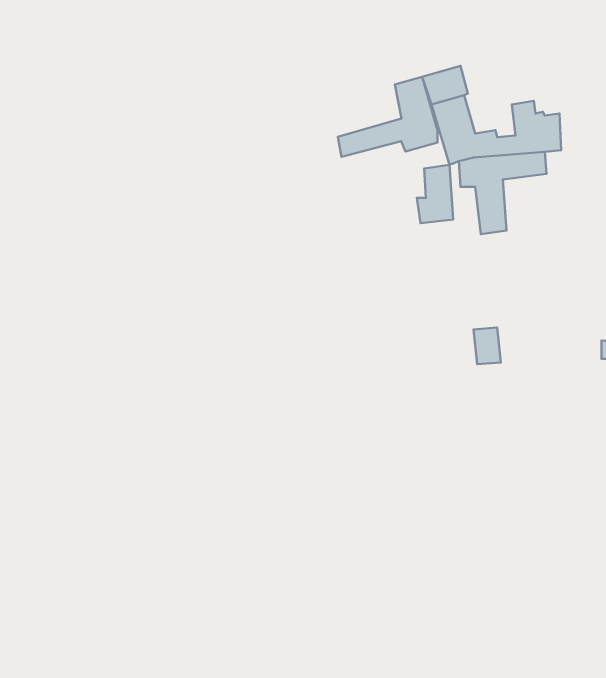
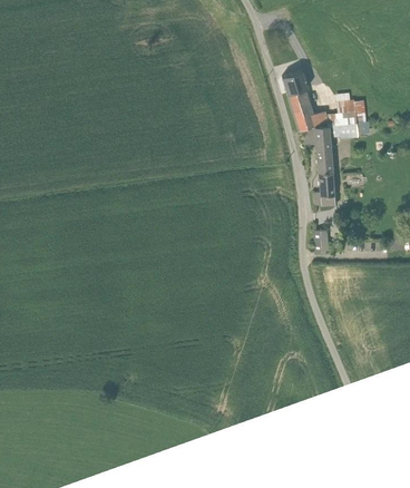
building: [338,77,438,157] -> none
building: [417,165,453,223] -> [313,170,335,206]

